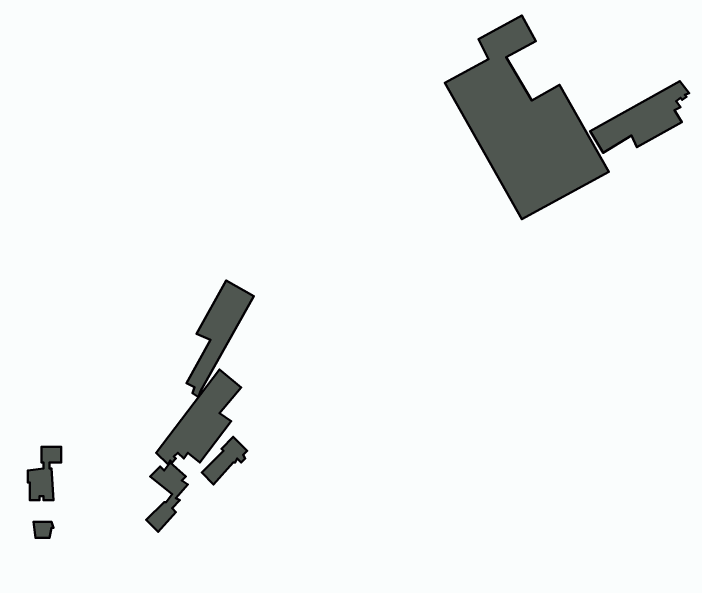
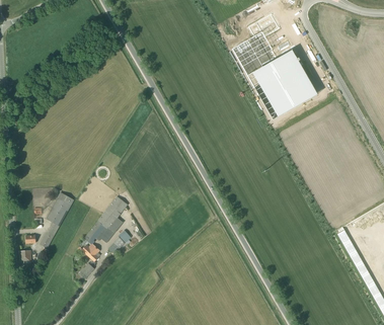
building: [590,81,689,153] -> none
building: [187,280,254,397] -> [41,190,75,250]

